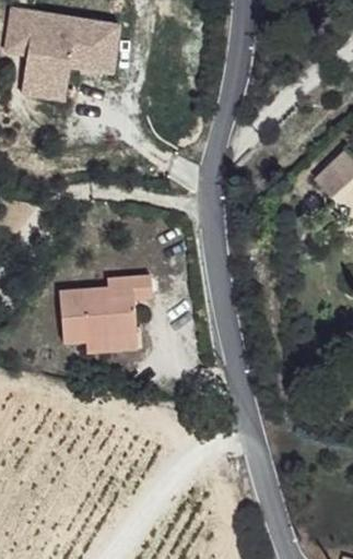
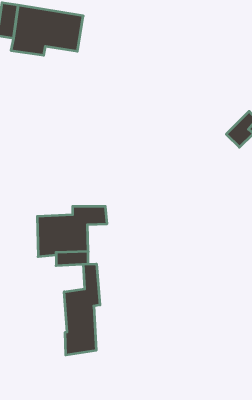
building: [22,71,69,99] -> none
building: none -> [64,264,100,355]

